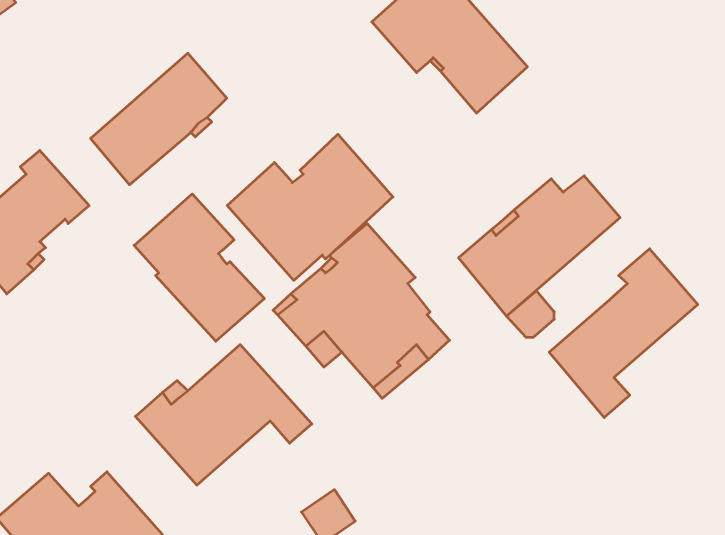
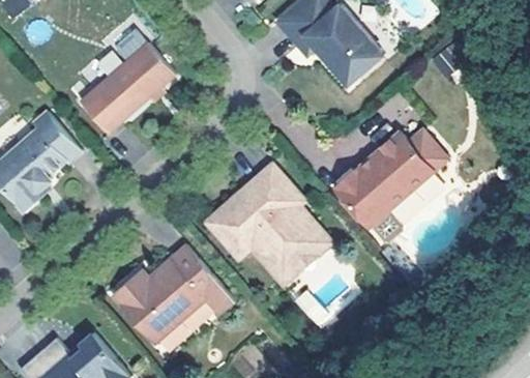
building: [227,134,393,280] -> none
building: [134,194,264,341] -> none
building: [549,249,698,418] -> none

